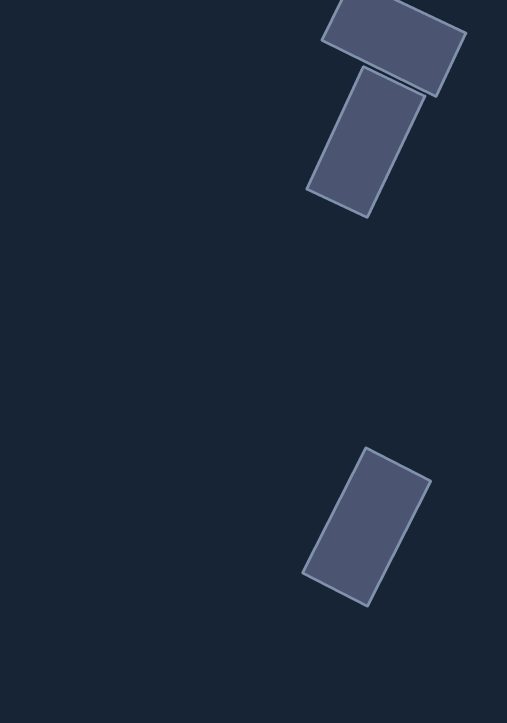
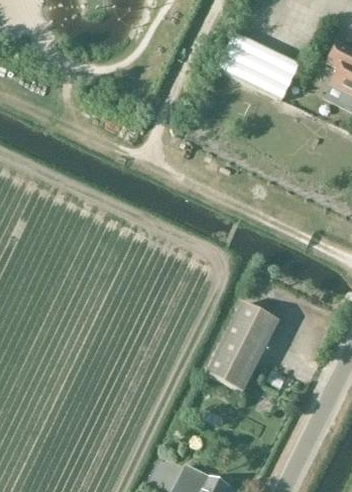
building: [307,67,425,217] -> none

